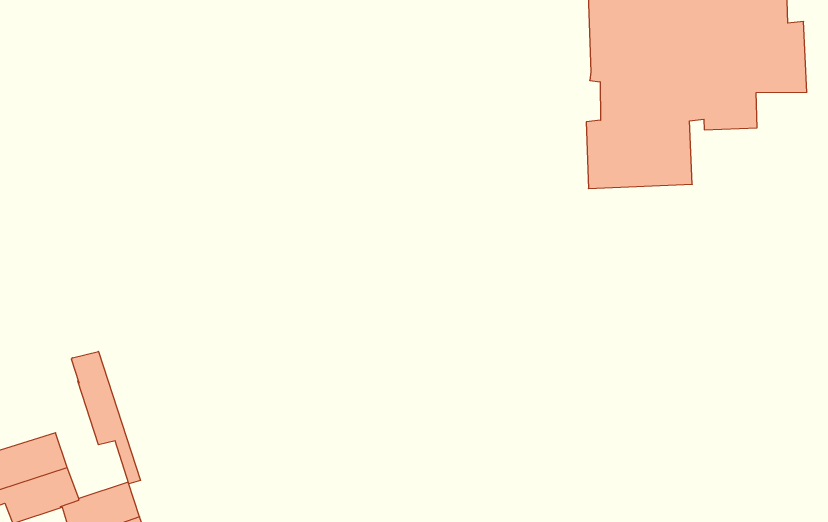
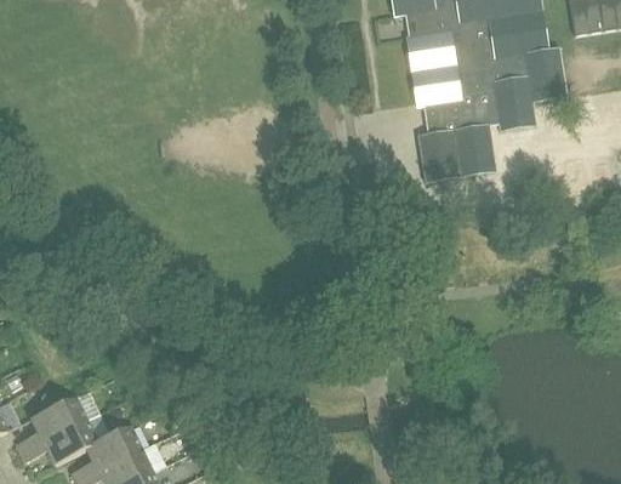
building: [72,351,141,484] -> none

